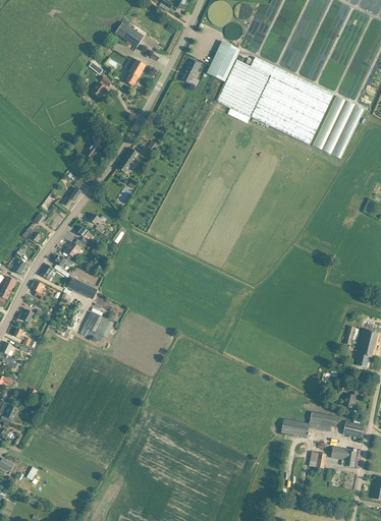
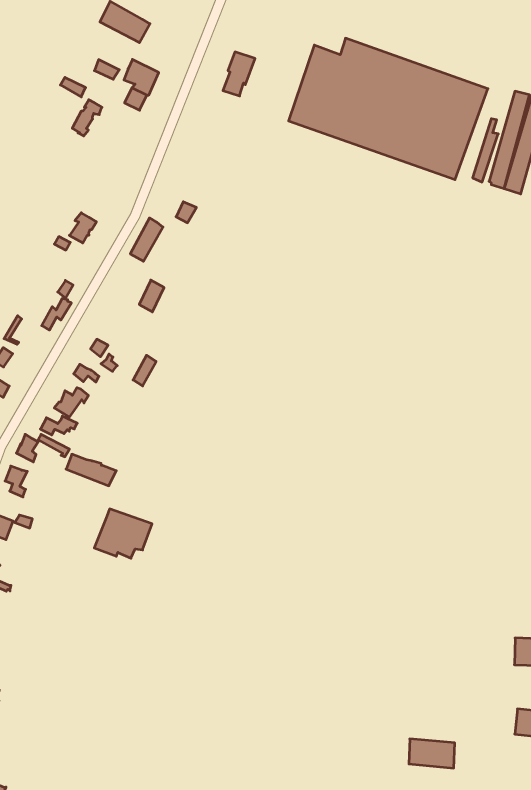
building: [207,42,239,81] -> none
building: [281,418,309,438] -> [409,739,455,768]

